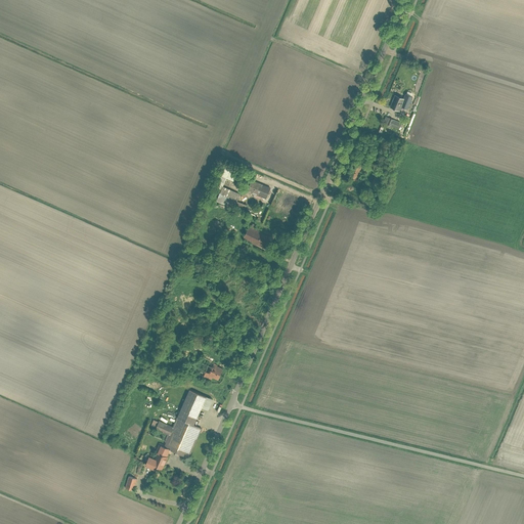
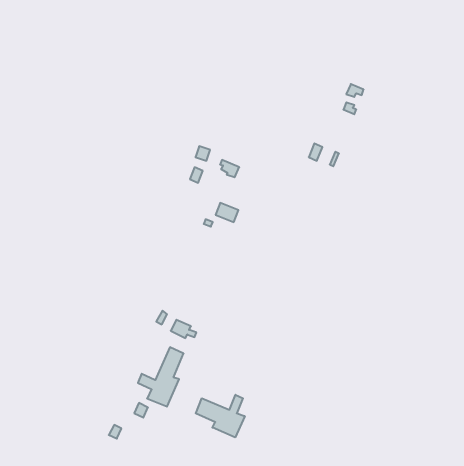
building: none -> [196,395,245,437]

